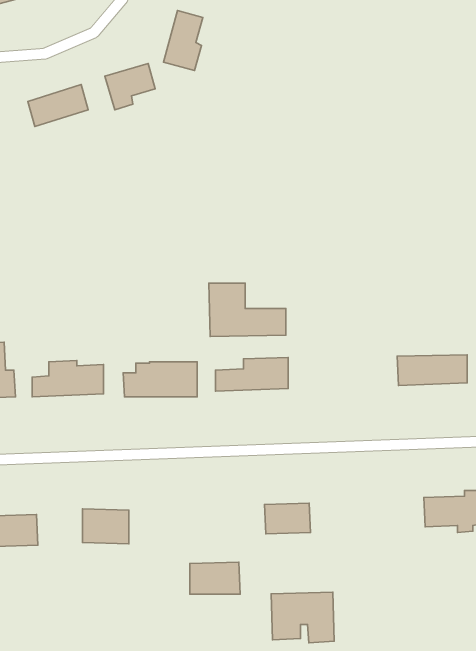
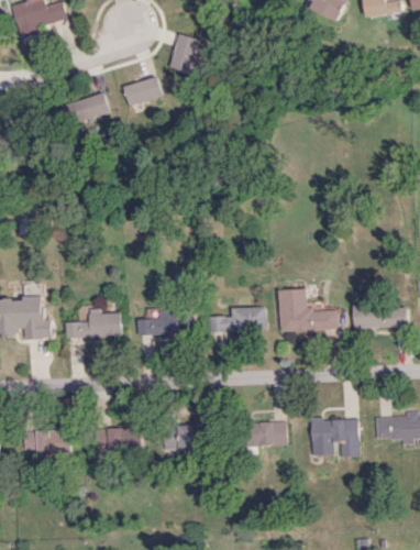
building: [209,283,286,336] -> [278,289,339,331]
building: [190,562,240,594] -> [163,425,202,450]
building: [271,592,334,643] -> [308,418,357,458]

